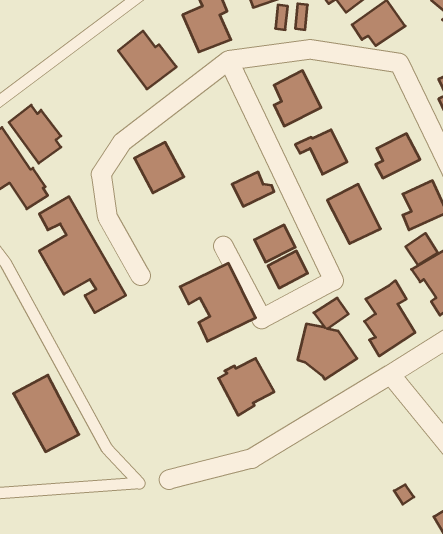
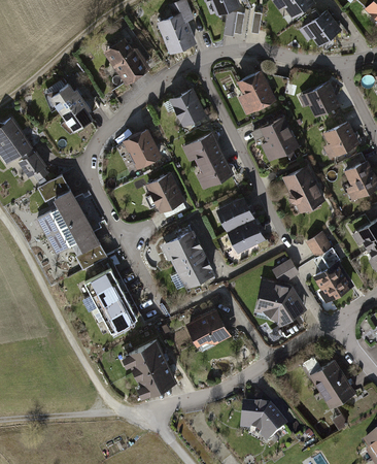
building: none -> [295,80,338,118]
building: none -> [161,88,204,128]
building: [9,105,61,163] -> [46,82,90,131]
building: none -> [191,132,221,163]
building: none -> [142,172,187,214]
building: [406,233,438,265] -> [303,230,330,257]
building: [13,375,79,452] -> [87,269,141,333]
building: none -> [124,339,180,397]
building: none -> [306,359,353,409]
building: none -> [237,404,286,444]

